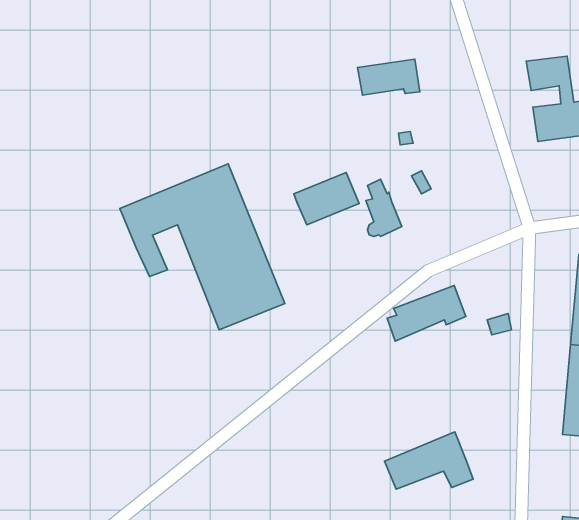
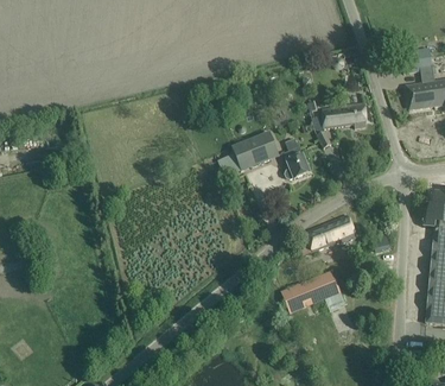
building: [358,59,420,95] -> [319,102,364,128]
building: [120,164,285,330] -> none
building: [385,432,473,489] -> [280,270,344,311]

